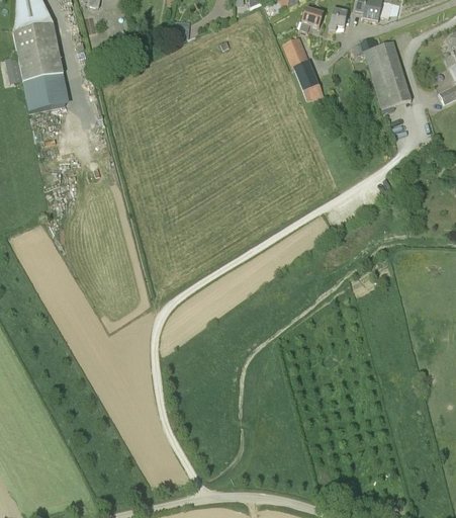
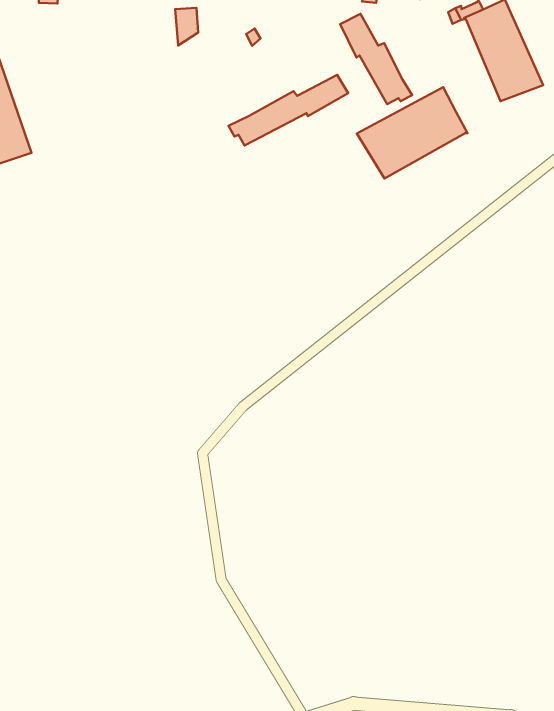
building: none -> [229,75,348,146]
building: none -> [357,87,467,179]

